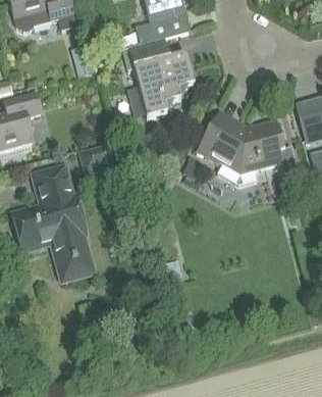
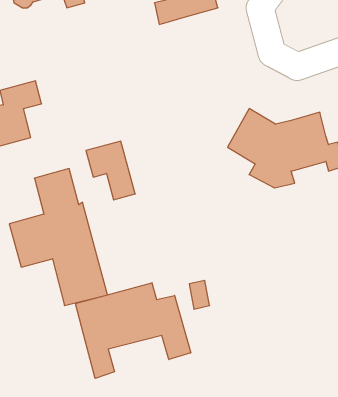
building: [121,37,195,116] -> none
building: none -> [75,283,191,378]

